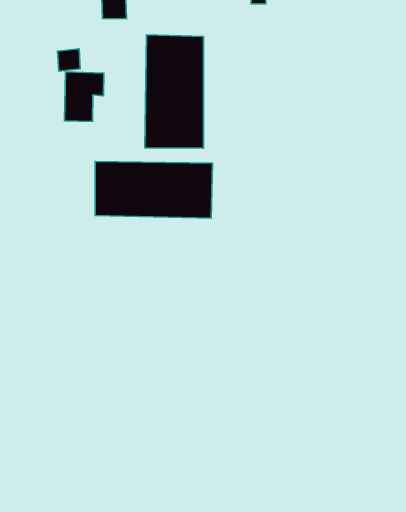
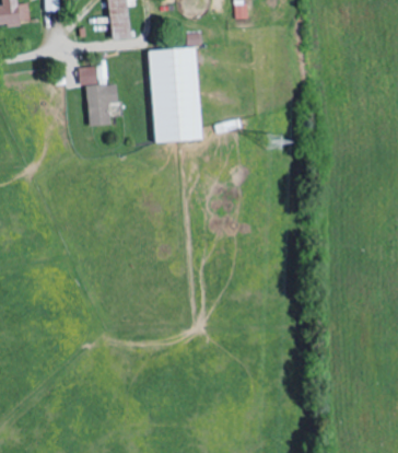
building: [95,162,213,218] -> none

